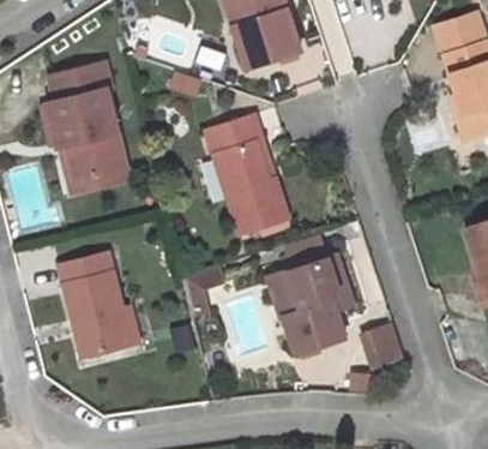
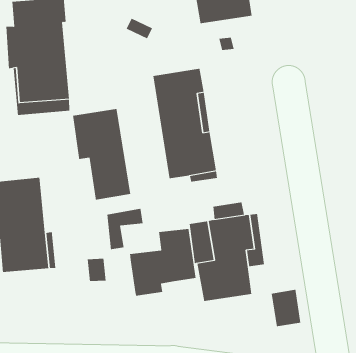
building: none -> [72,108,131,200]
building: none -> [129,228,196,297]

